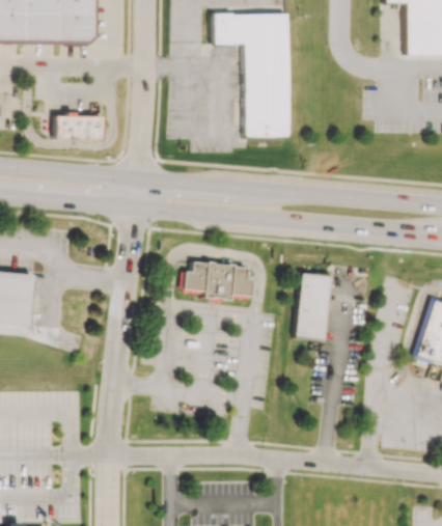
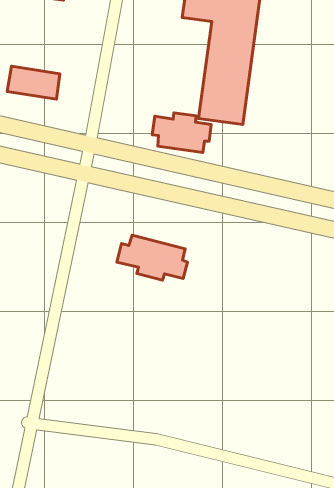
building: none -> [152,113,211,152]
building: [295,271,332,339] -> none

